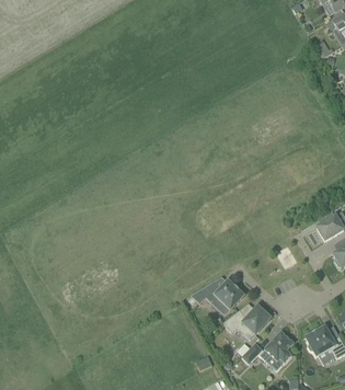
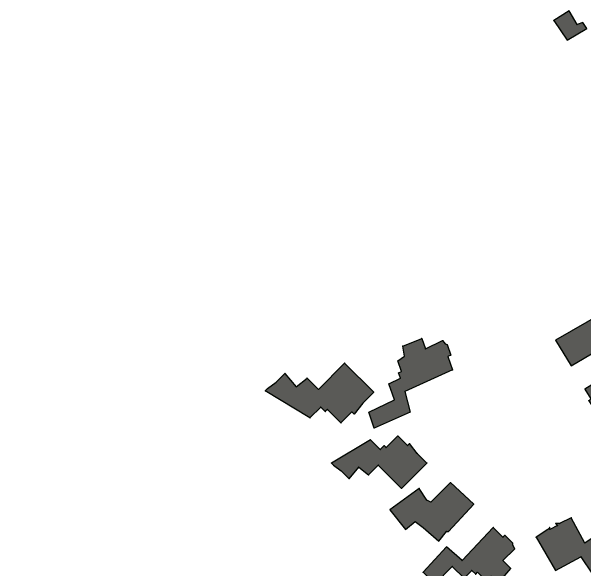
building: none -> [369,338,453,428]
building: none -> [265,363,374,423]

